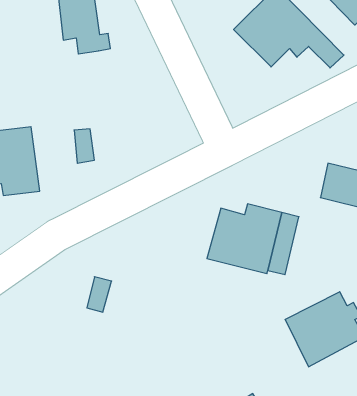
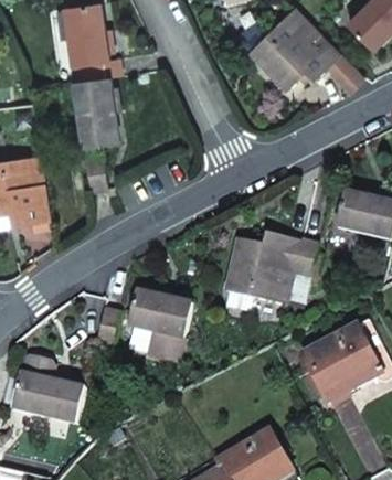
building: none -> [73,76,118,147]
building: none -> [126,290,190,362]
building: none -> [11,355,84,423]

